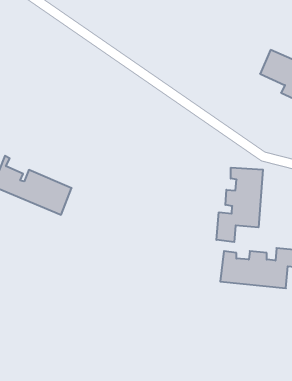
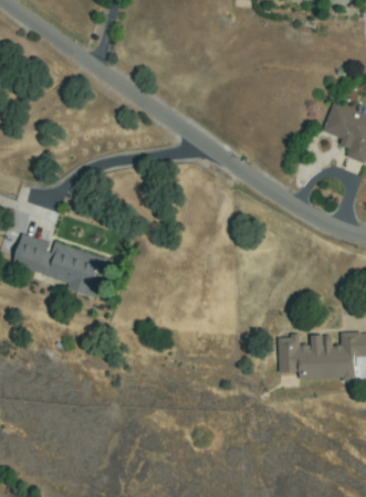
building: [216,168,263,242] -> none

